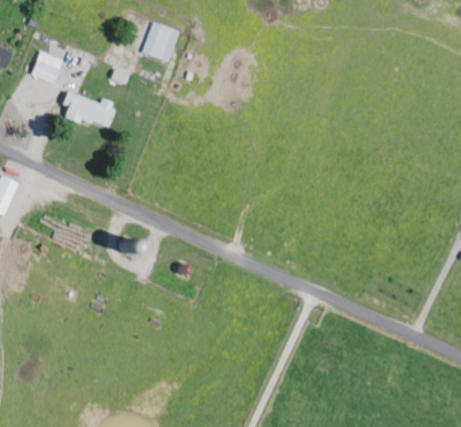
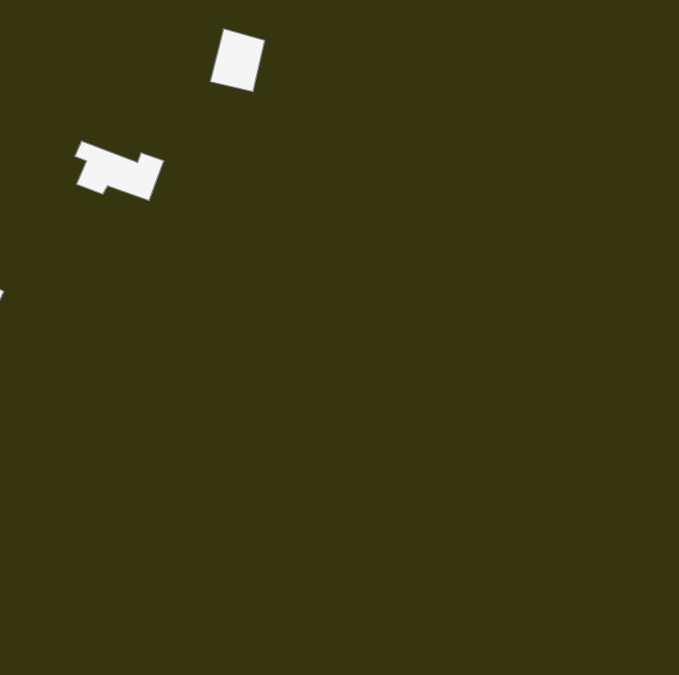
building: [31,50,64,83] -> none

